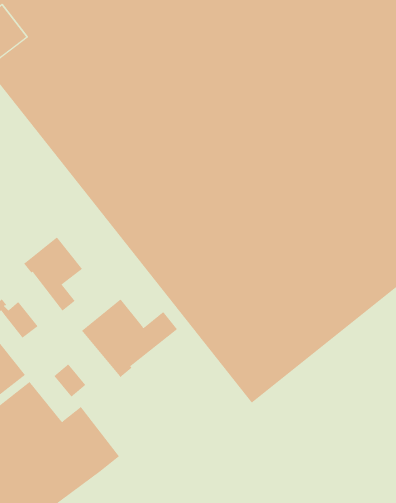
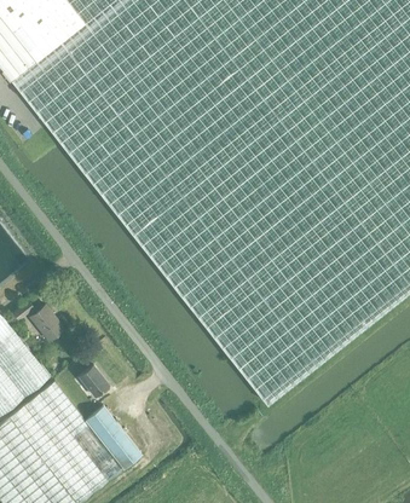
building: [23,236,83,311] -> none
building: [81,298,178,378] -> none

